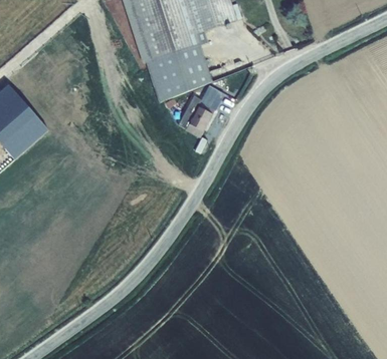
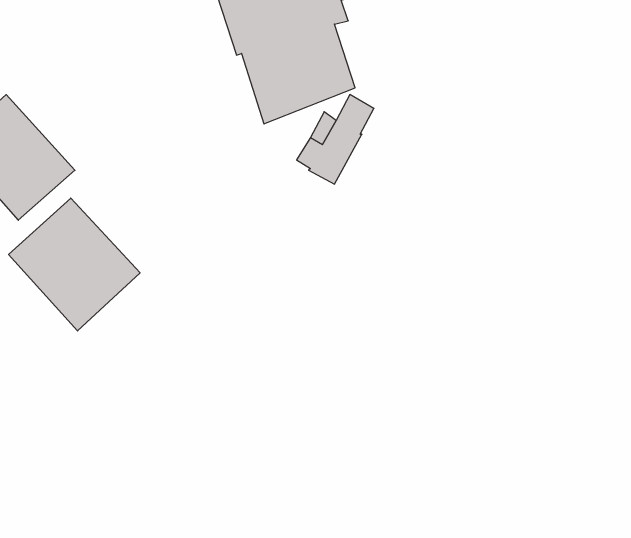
building: none -> [9,198,140,331]

